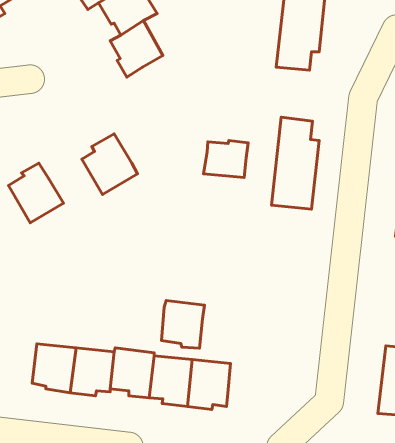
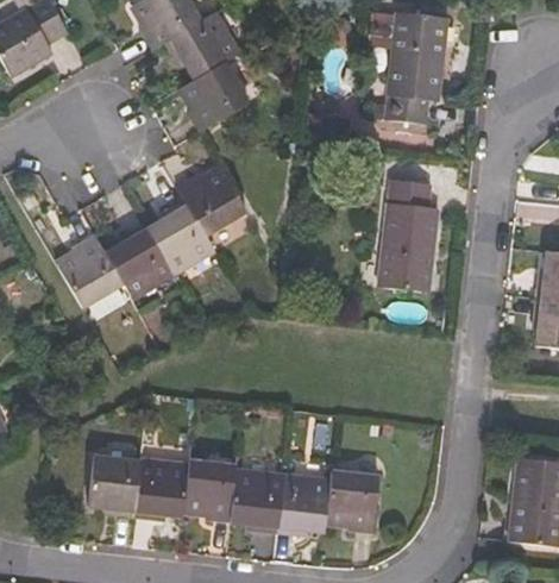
building: none -> [180,169,246,234]
building: [204,141,248,177] -> none
building: none -> [107,224,172,297]
building: [161,300,204,348] -> [325,470,377,528]

